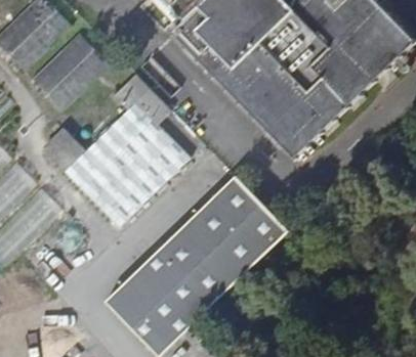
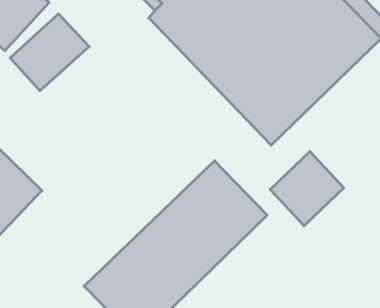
building: [43,88,190,223] -> none
building: none -> [270,151,344,226]

